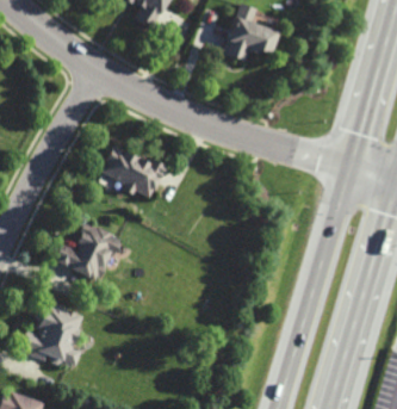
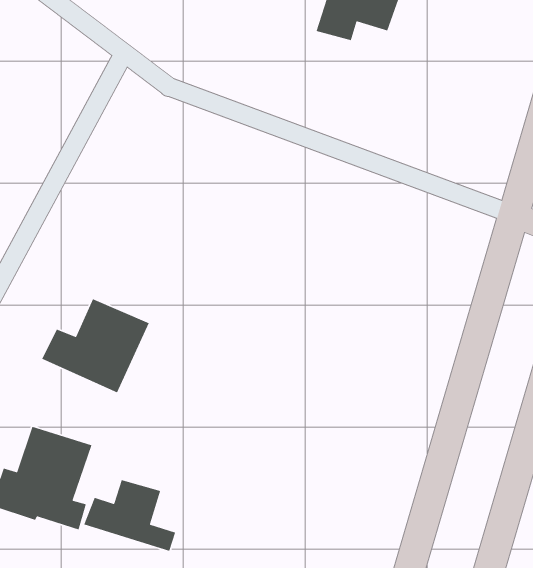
building: [101,145,167,199] -> none
building: none -> [83,479,176,552]

